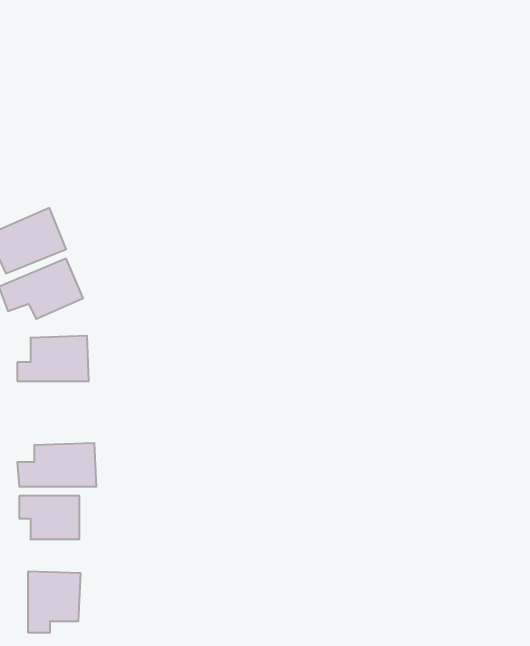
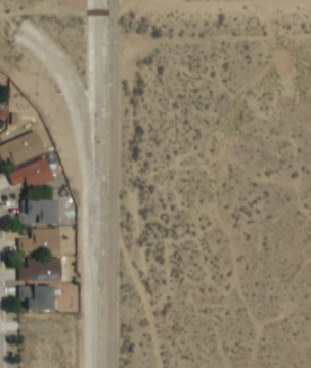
building: none -> [18,228,59,251]
building: [28,571,80,633] -> none

